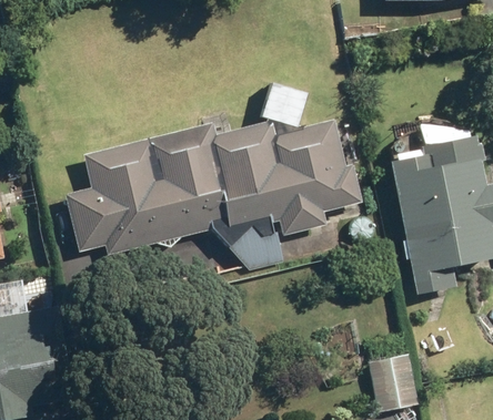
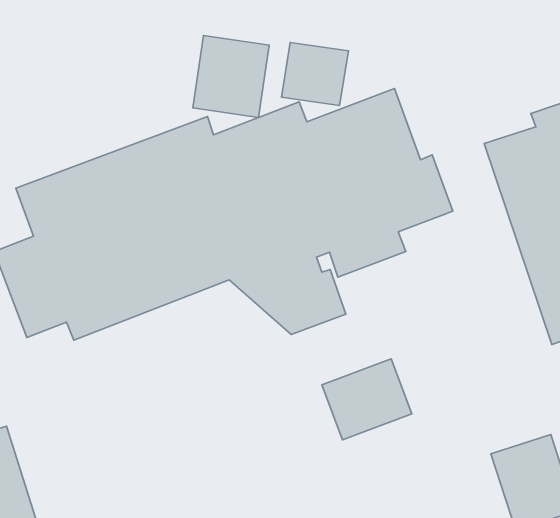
building: none -> [193,36,269,117]
building: none -> [322,359,412,440]

